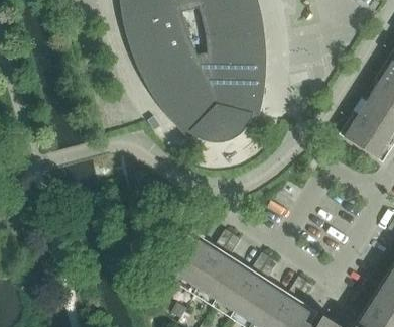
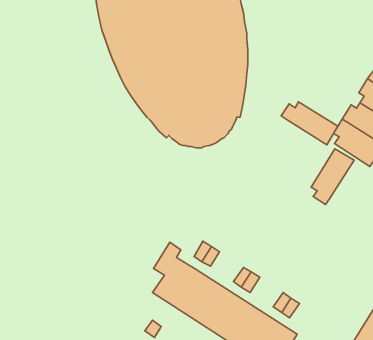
building: none -> [281,102,338,145]
building: none -> [311,149,354,205]

